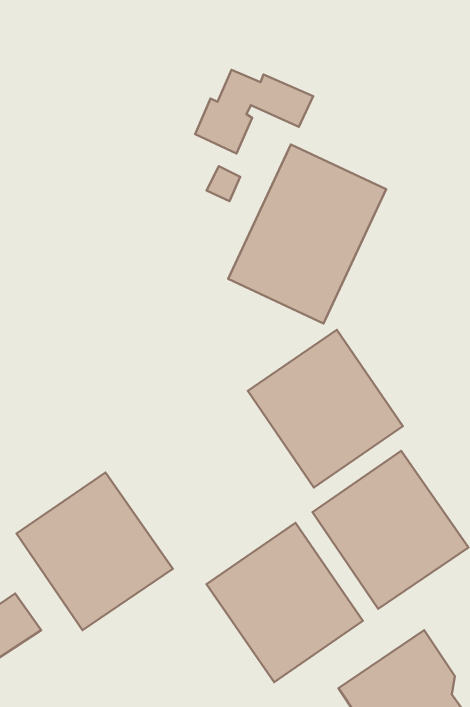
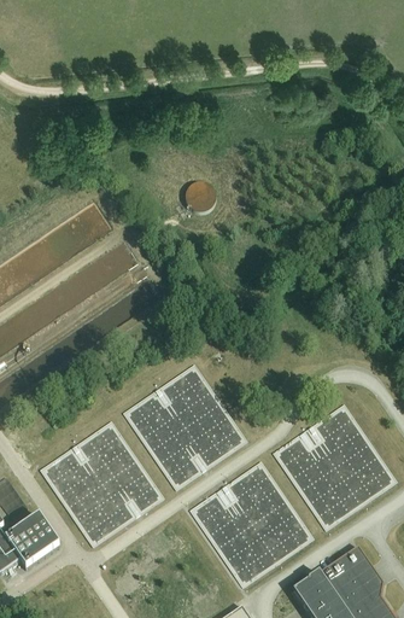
building: [195,70,313,154] -> none
building: [228,144,386,324] -> none
building: [248,330,403,487] -> [123,365,245,489]

